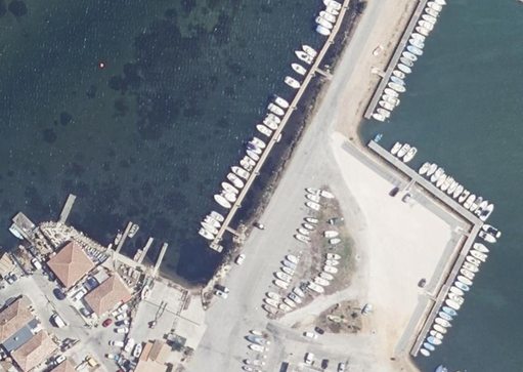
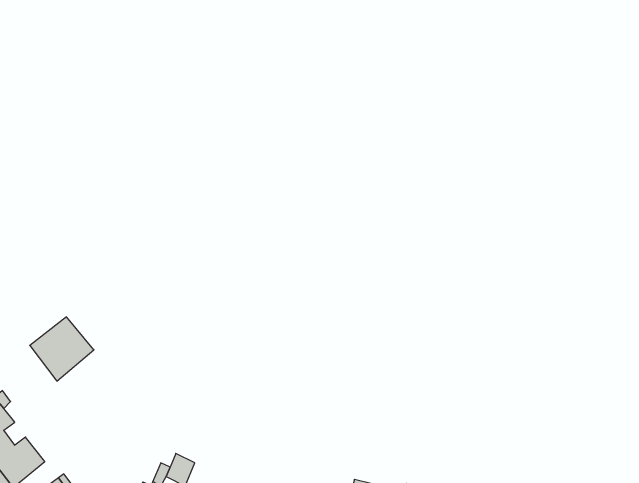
building: [83,276,129,318] -> none

